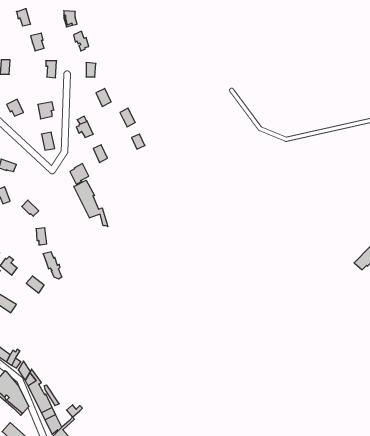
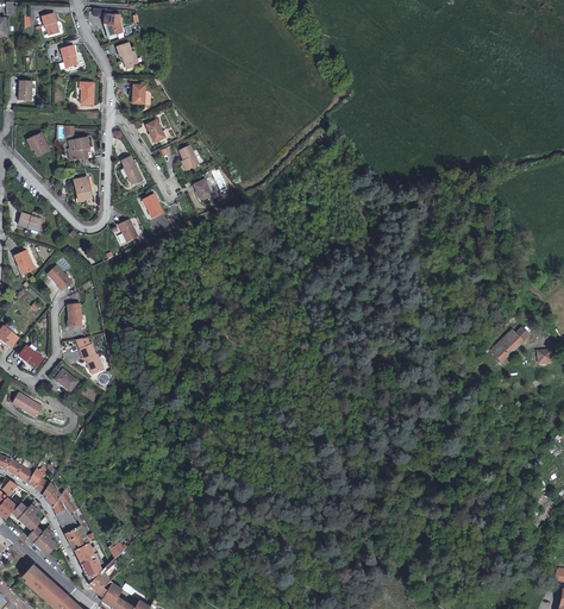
building: [74,180,108,227] -> none

